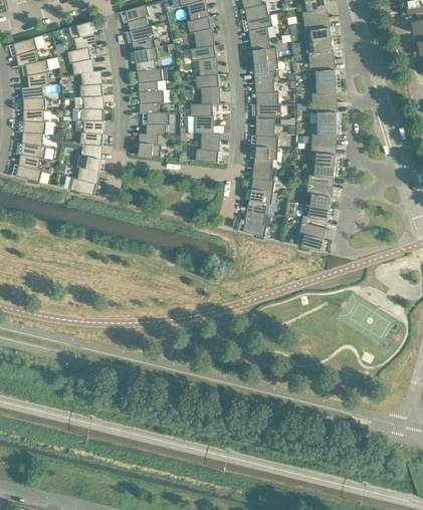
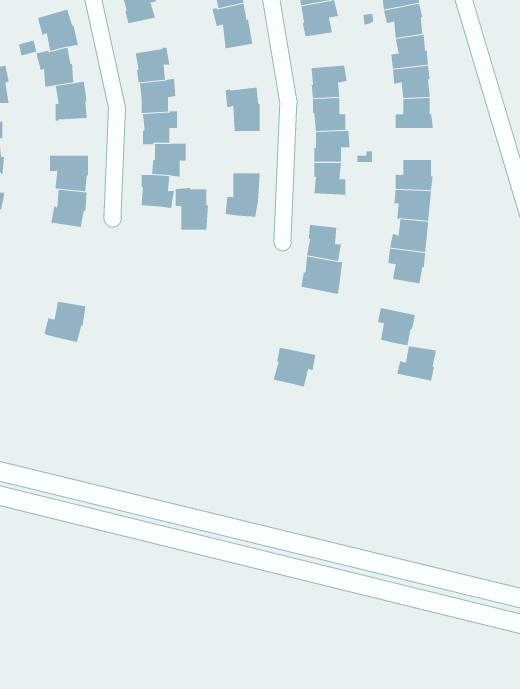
building: [130,25,154,51] -> none
building: [249,37,276,61] -> none
building: [190,45,218,76] -> none
building: [72,94,103,120] -> none
building: [310,102,337,123] -> none
building: [190,103,213,133] -> [175,187,209,230]
building: [252,147,277,170] -> none
building: [69,167,98,195] -> [43,301,86,343]
building: [300,205,328,229] -> [396,346,436,381]
building: [242,210,271,237] -> [273,347,316,387]

